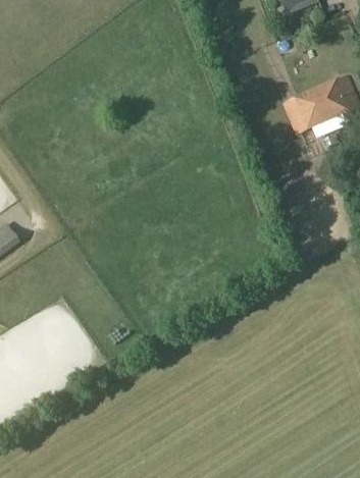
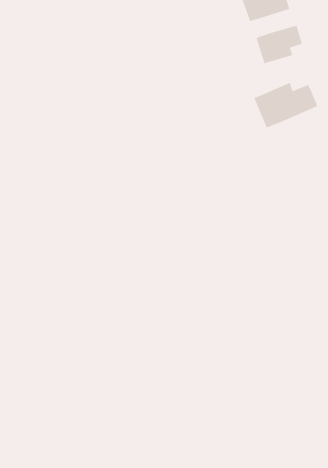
building: none -> [256,25,303,64]

